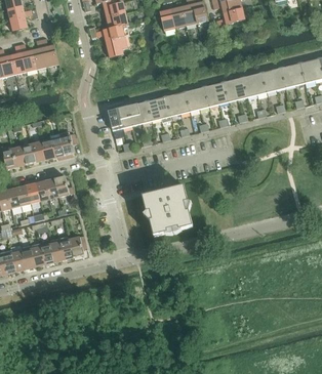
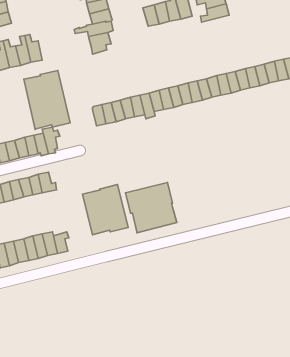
building: none -> [24,71,70,129]
building: none -> [83,185,128,235]

